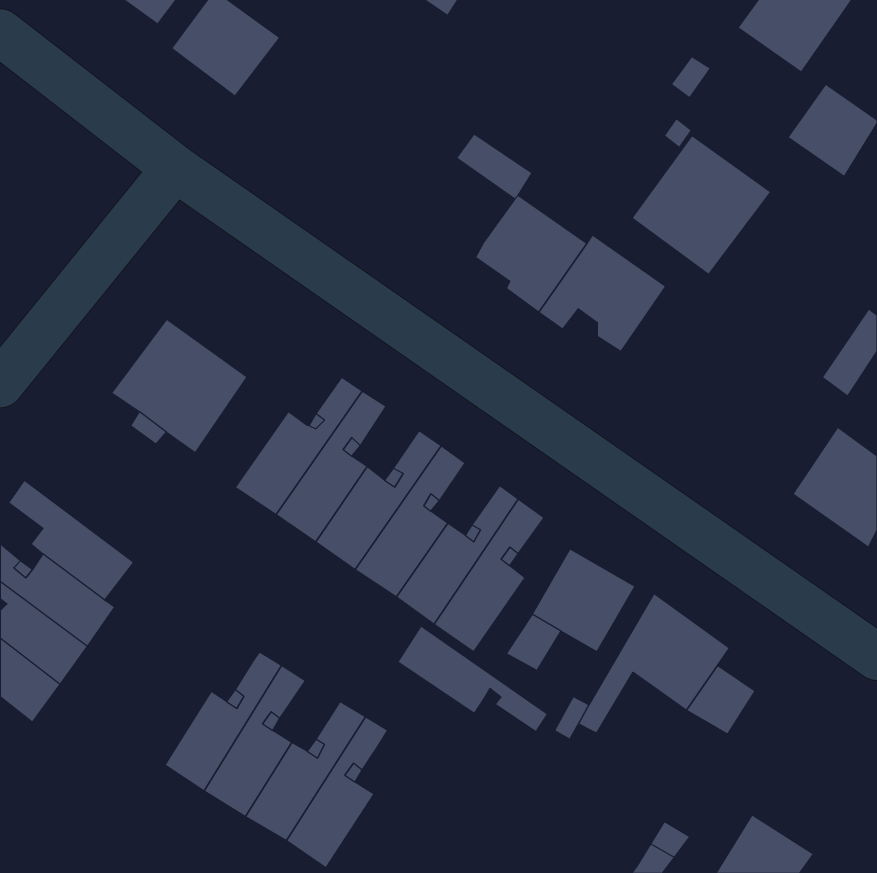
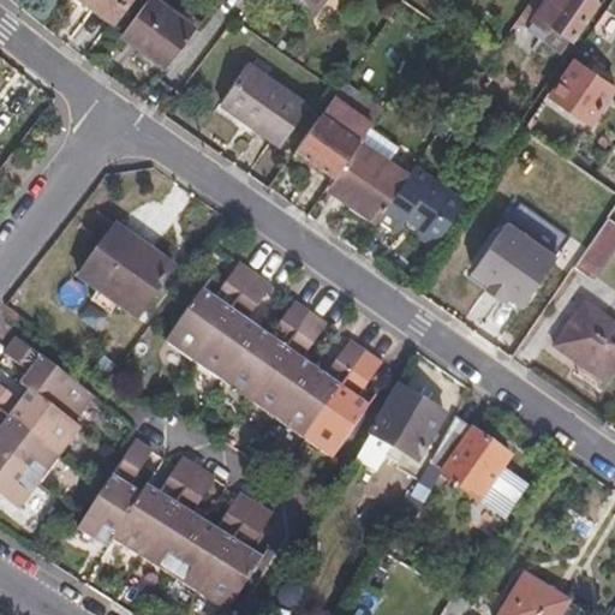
building: none -> [219,62,308,144]
building: [632,135,771,274] -> [468,215,566,312]
building: none -> [299,111,360,169]
building: none -> [80,437,151,545]
building: [398,626,548,732] -> none

